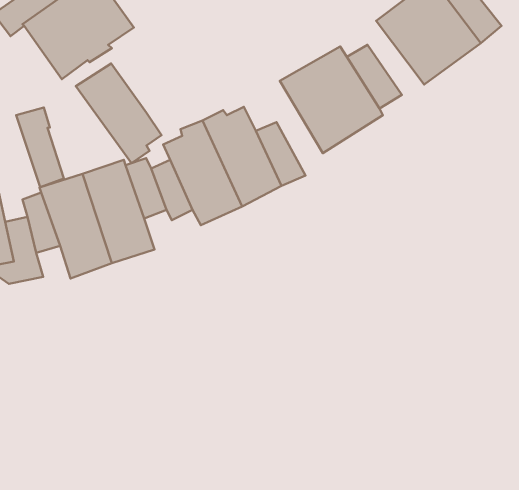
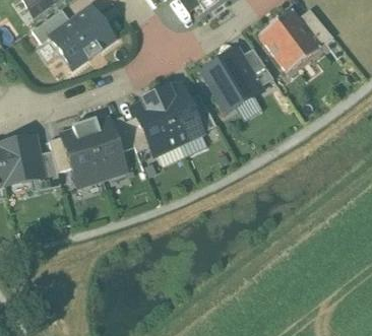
building: [76,63,162,163] -> none
building: [16,108,64,187] -> none

